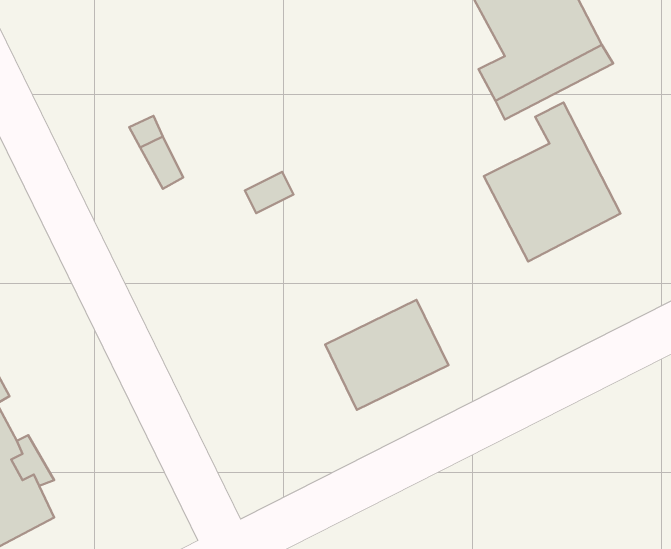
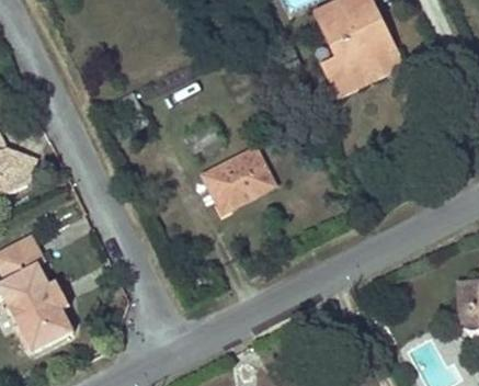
building: [484,102,620,262] -> none
building: [325,300,448,410] -> [203,148,275,213]

